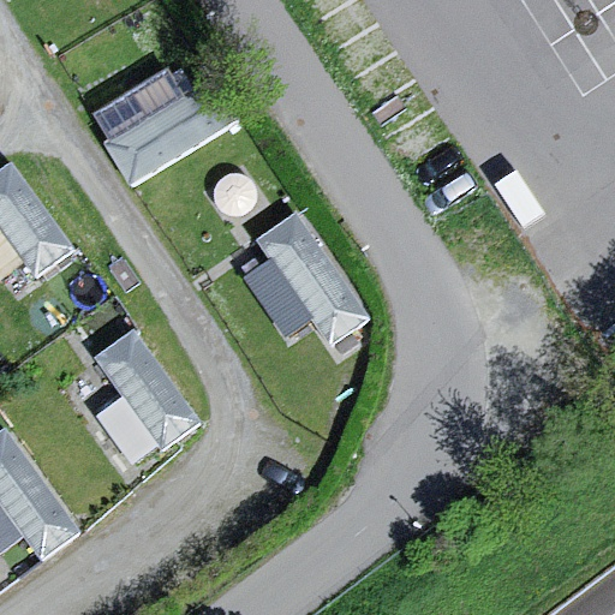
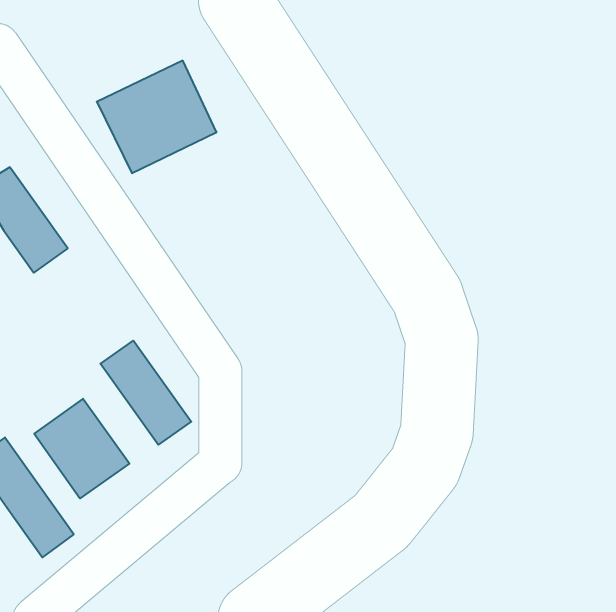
building: [244,209,364,348] -> none
building: none -> [34,399,129,498]

